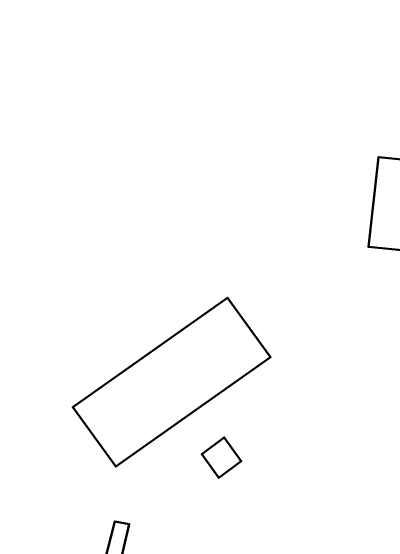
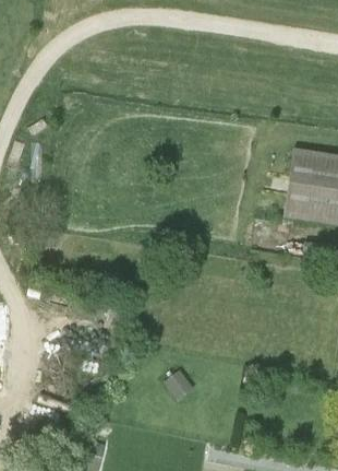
building: [73,298,271,466] -> none

